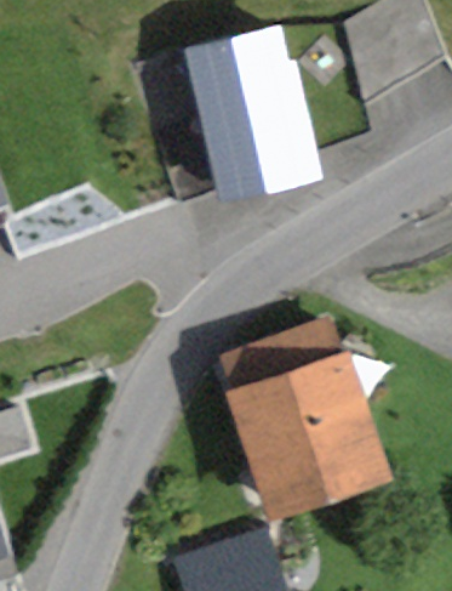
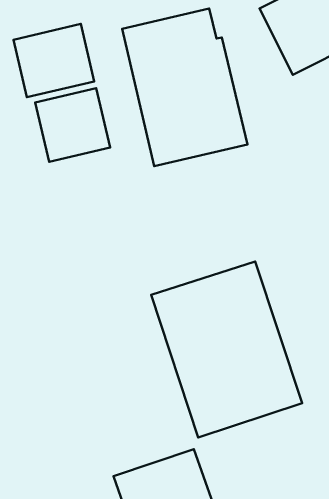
building: none -> [13,24,94,97]
building: none -> [35,88,110,162]

